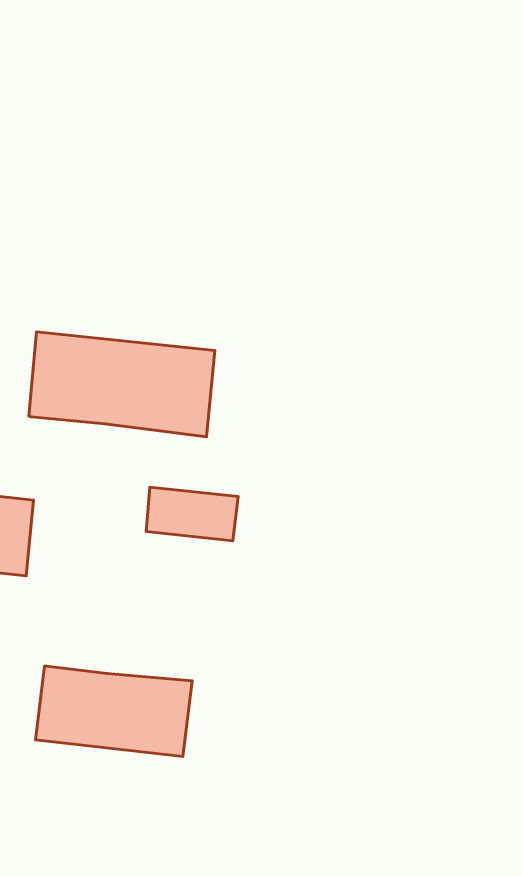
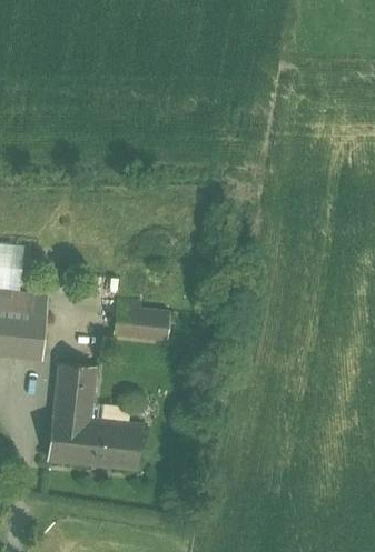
building: [29,332,215,437] -> none
building: none -> [55,362,98,419]

